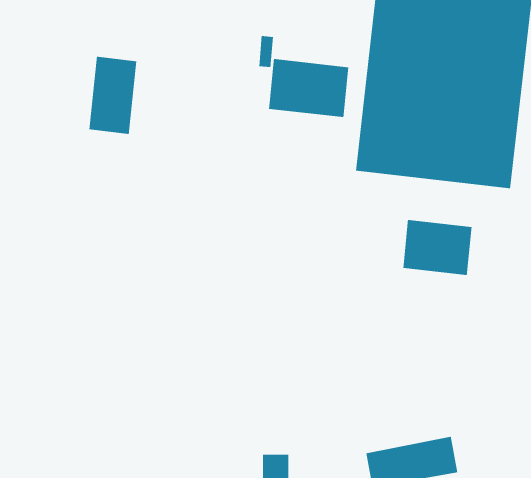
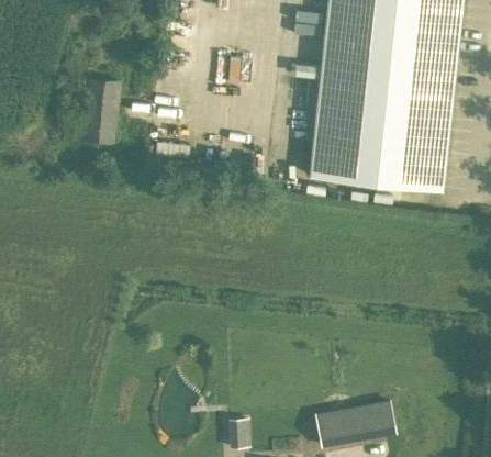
building: [268,58,349,118] -> none
building: [403,219,472,276] -> none

